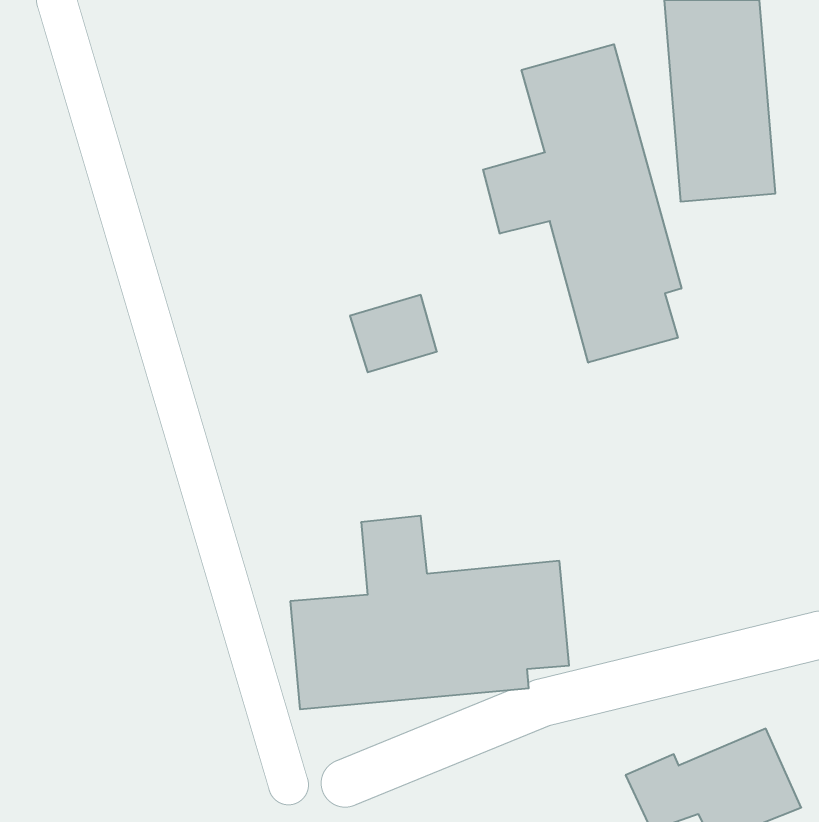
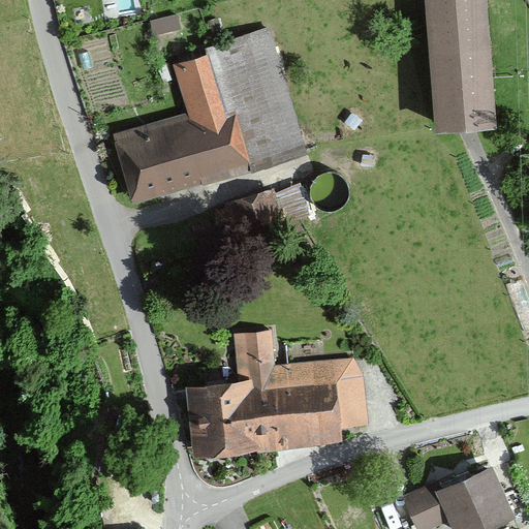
building: none -> [114,29,302,204]
building: [483,44,681,363] -> none

